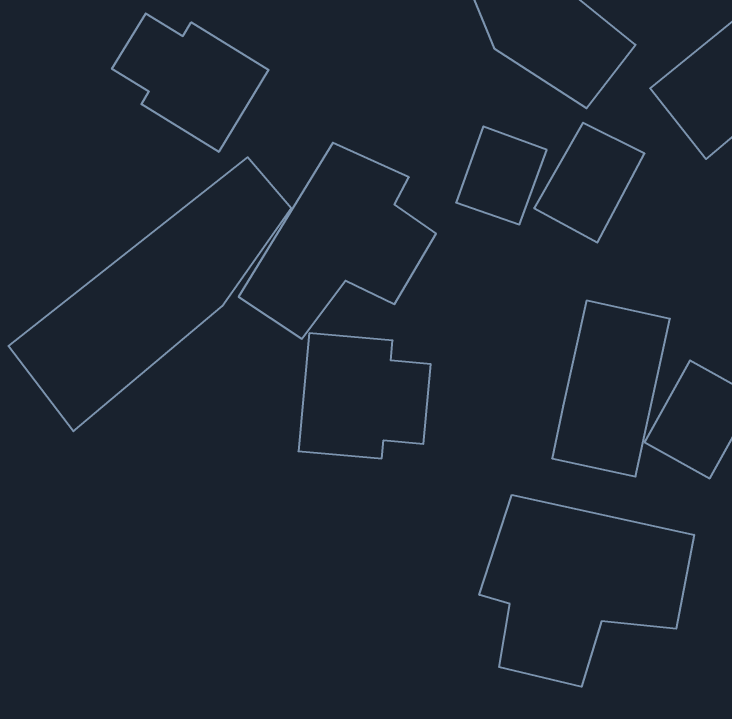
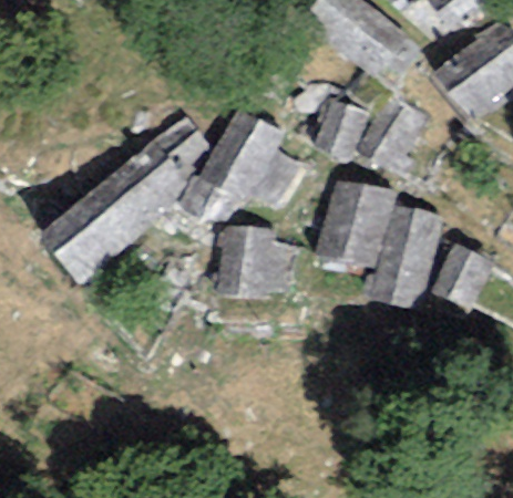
building: [112,13,269,152] -> none
building: none -> [317,180,394,269]
building: [479,495,694,687] -> none

